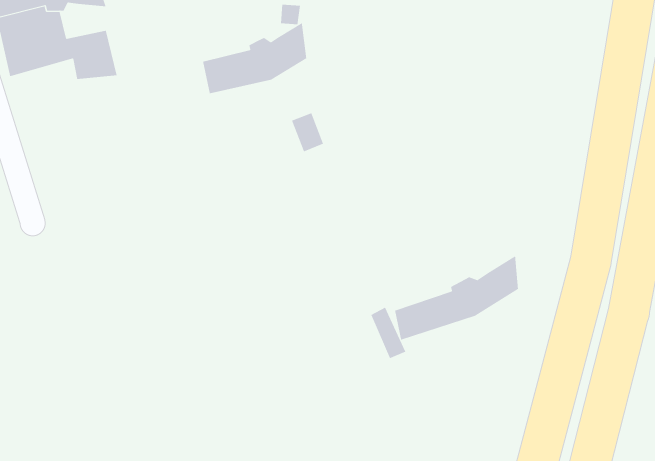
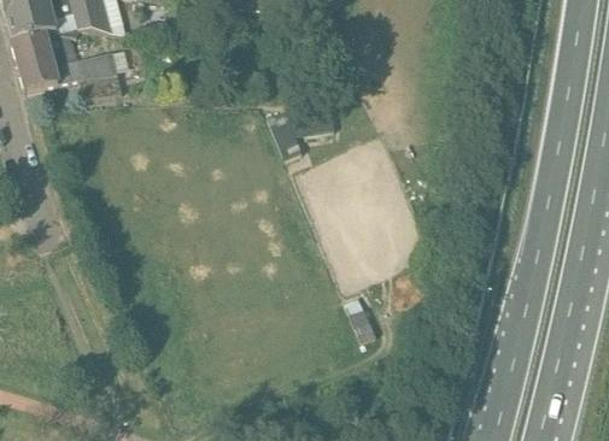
building: [202,22,307,94] -> none
building: [395,255,518,340] -> none

